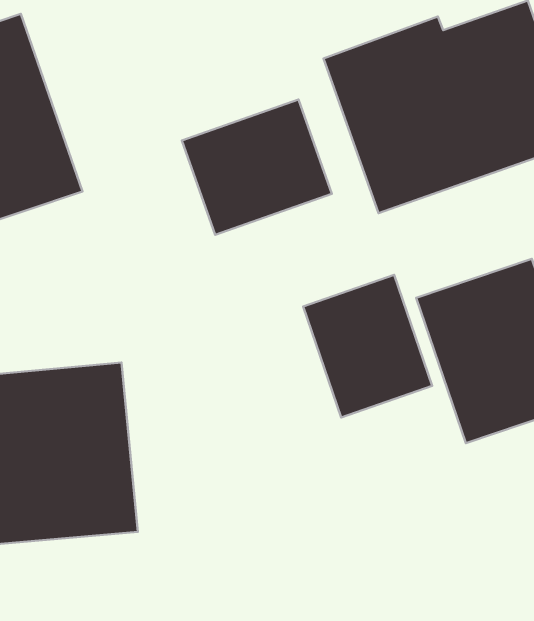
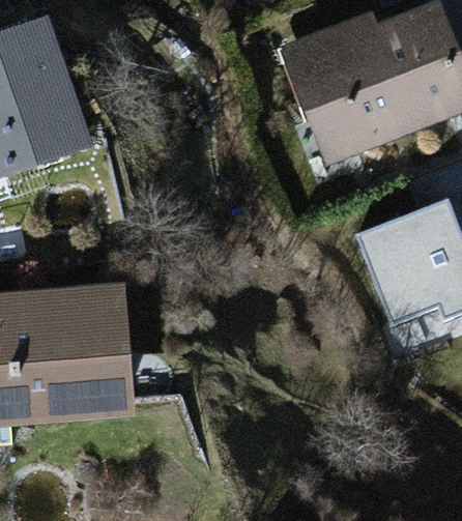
building: [182,99,332,235] -> none
building: [303,275,432,418] -> none

